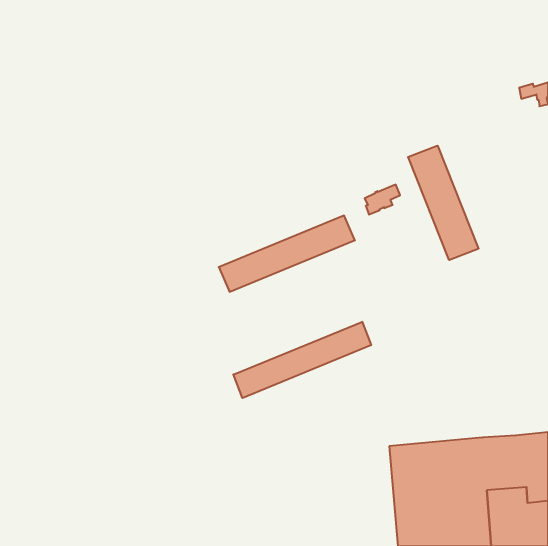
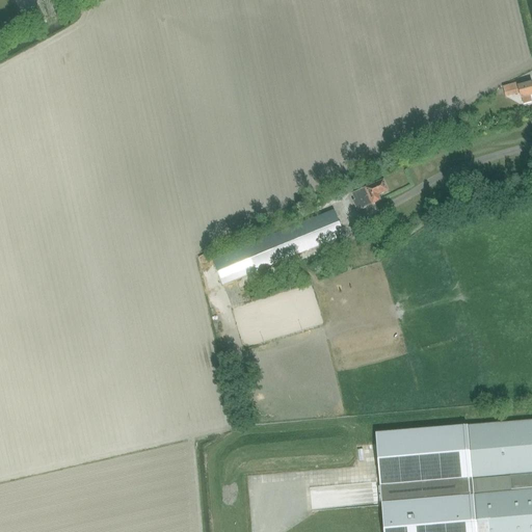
building: [408,146,479,260] -> none
building: [233,322,371,398] -> none

